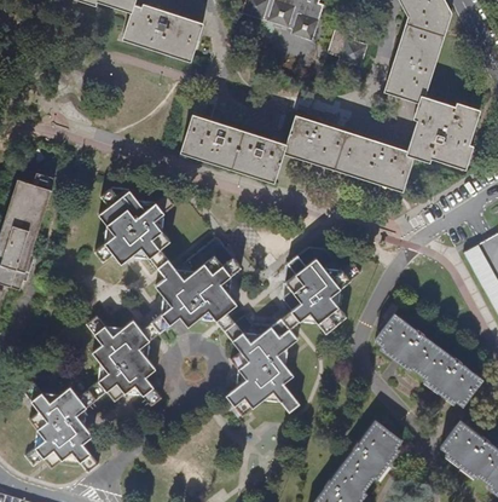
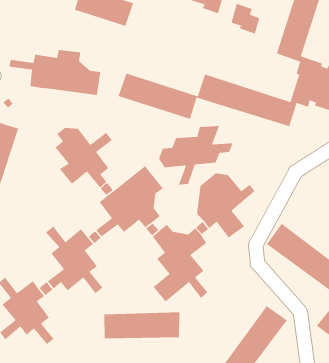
building: none -> [8,49,101,96]
building: none -> [158,125,234,186]
building: none -> [103,312,180,339]

